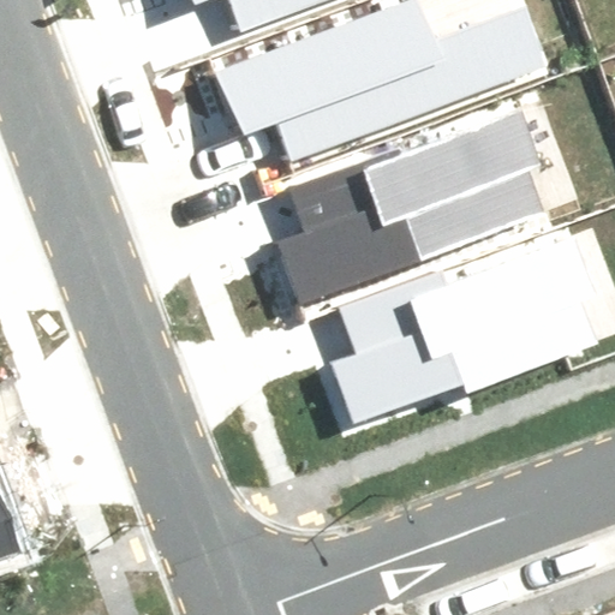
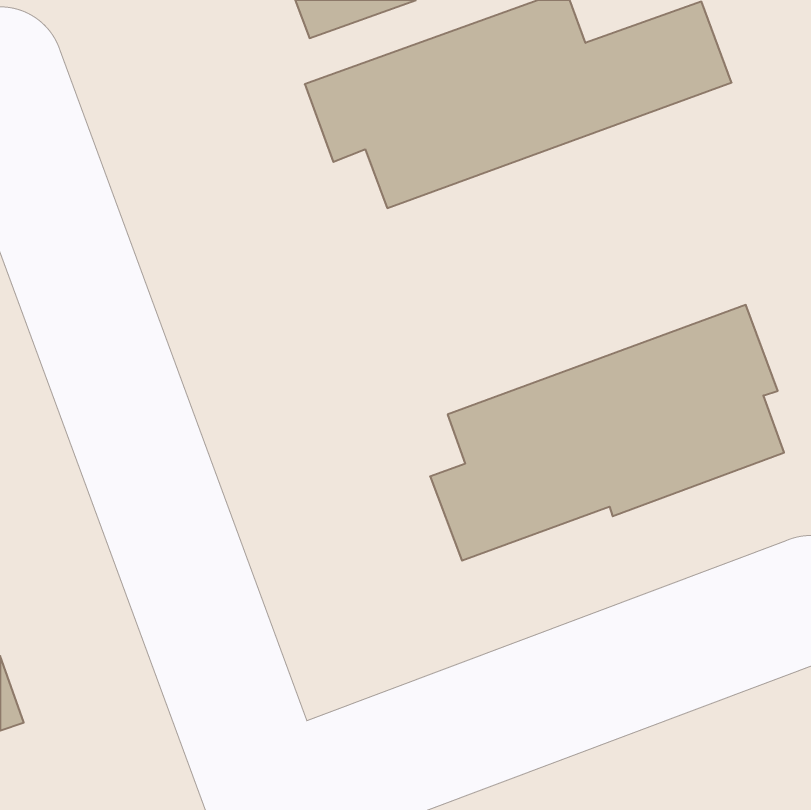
building: [280,96,548,299] -> none

